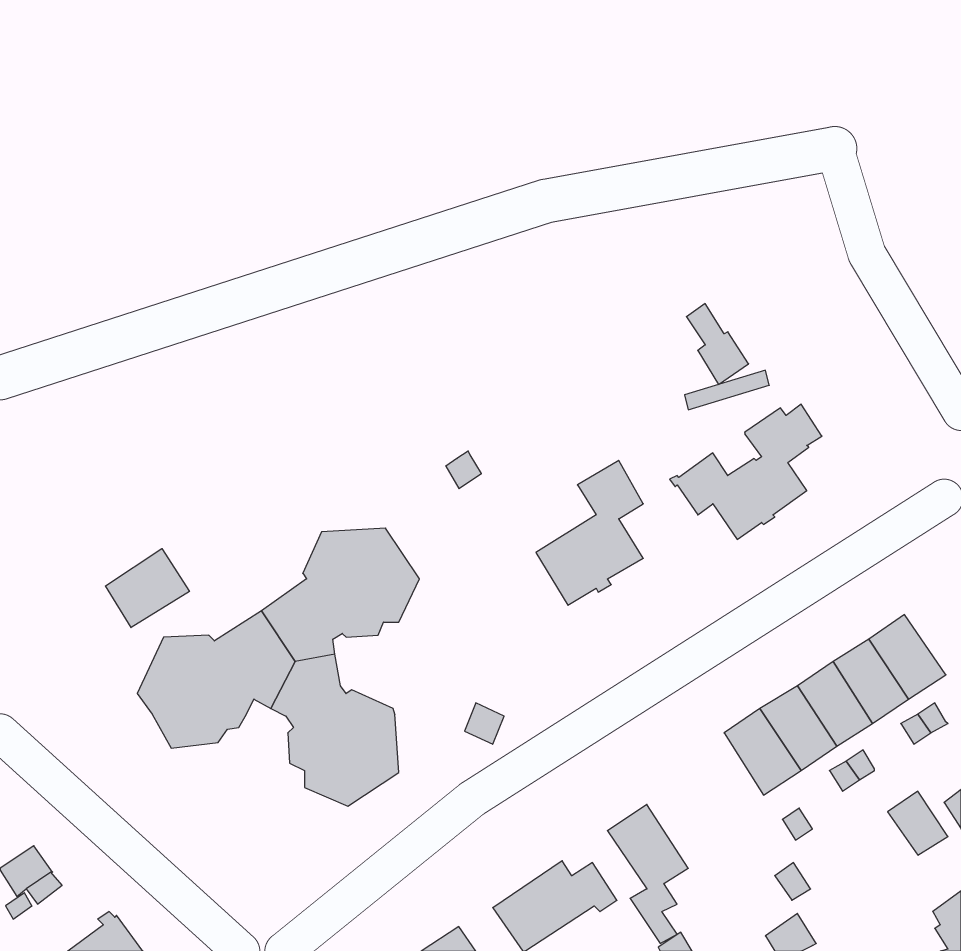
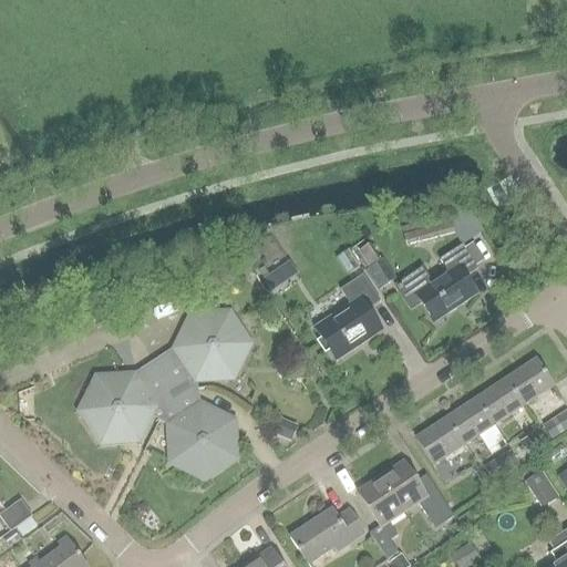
building: [686,304,749,384] -> [358,239,394,287]
building: [105,549,189,628] -> none
building: none -> [381,458,455,523]

